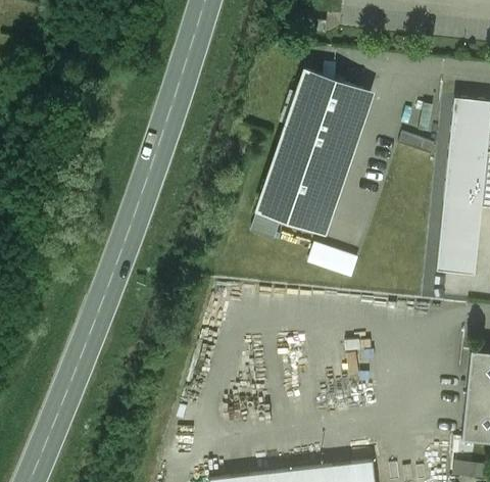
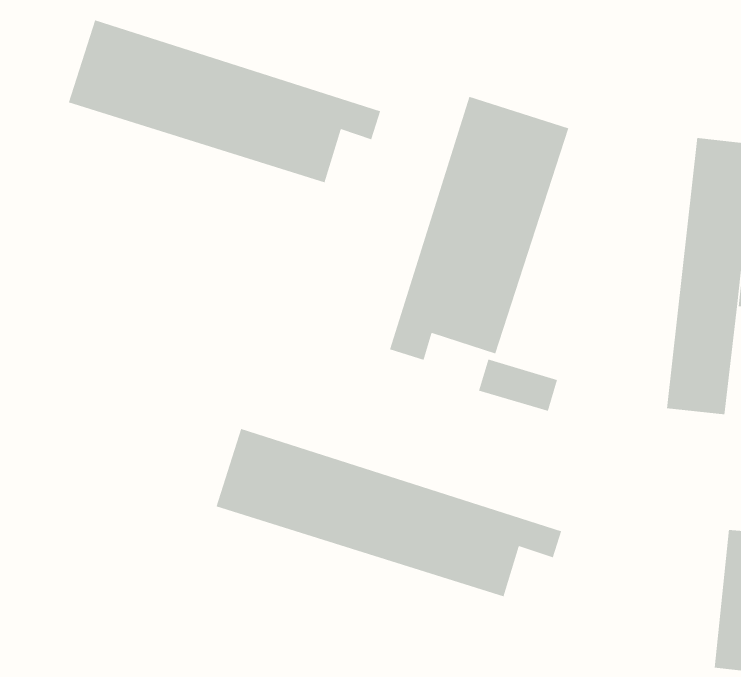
building: none -> [68,19,381,183]
building: none -> [216,428,562,597]

